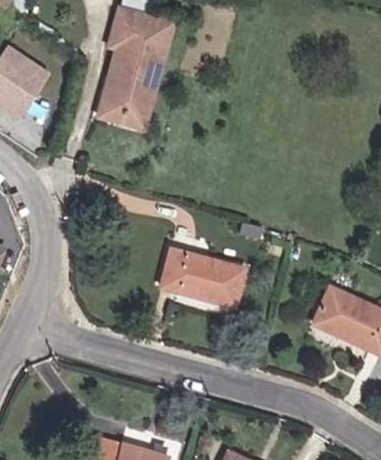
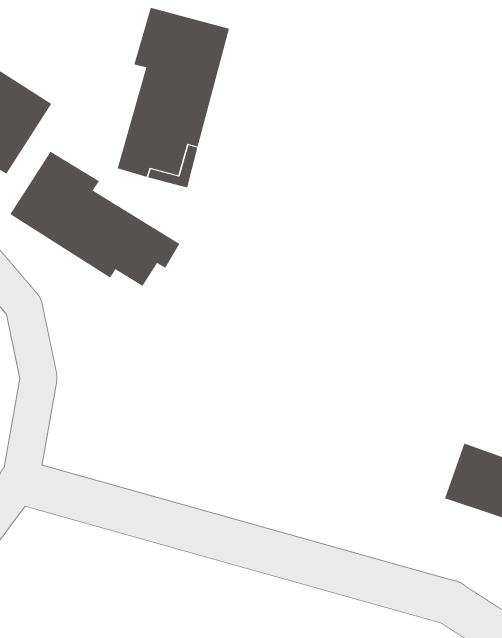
building: none -> [10,151,180,287]
building: [158,238,248,301] -> none

